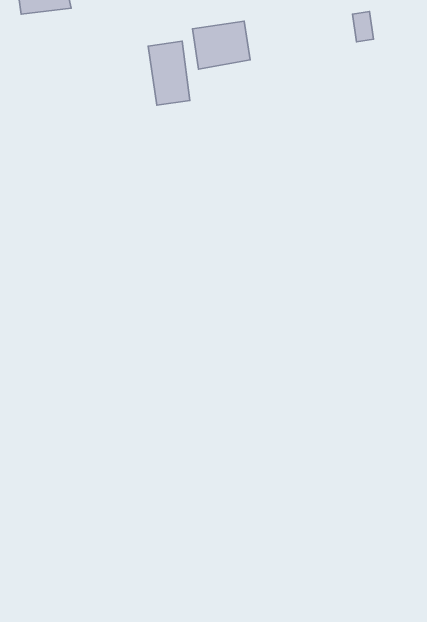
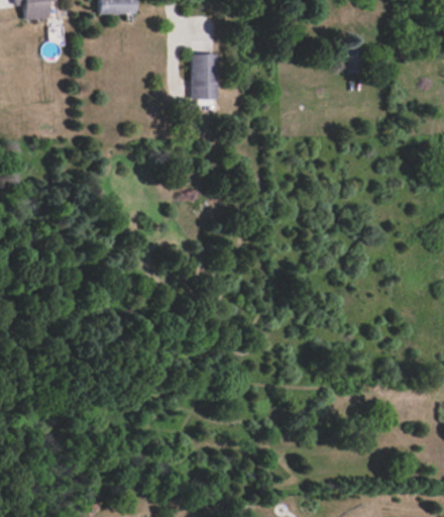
building: [193,21,250,69] -> none

